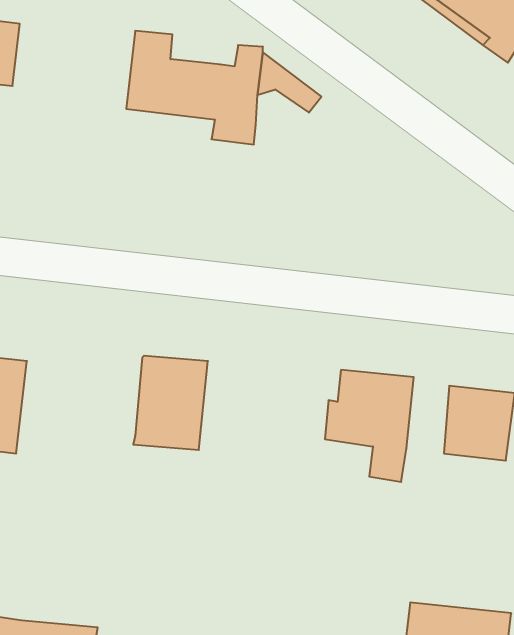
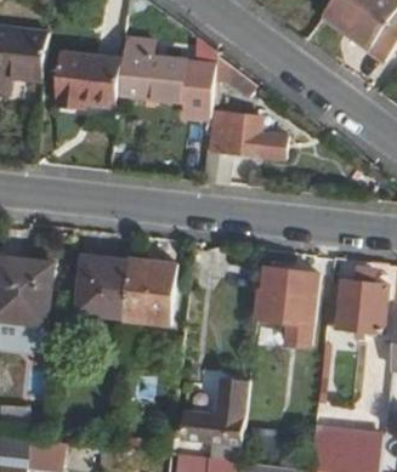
building: none -> [51,55,118,110]
building: none -> [206,112,285,158]
building: none -> [81,258,130,315]
building: none -> [185,380,248,443]

